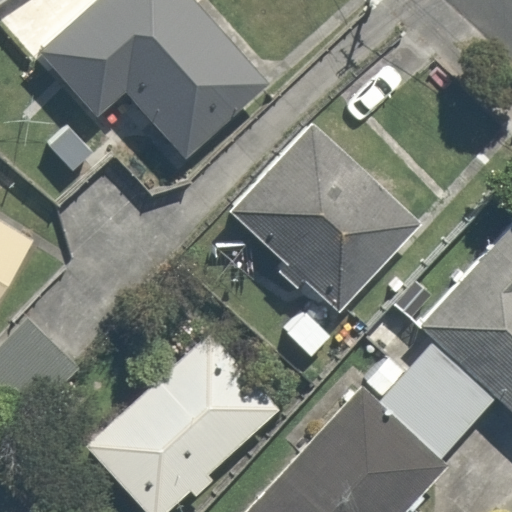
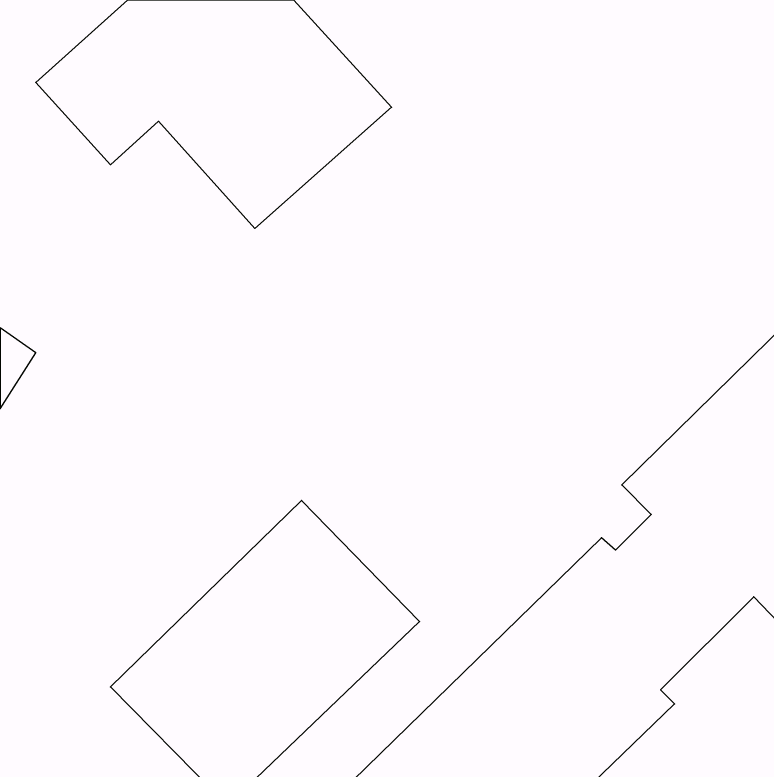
building: [232,122,412,301] -> none

